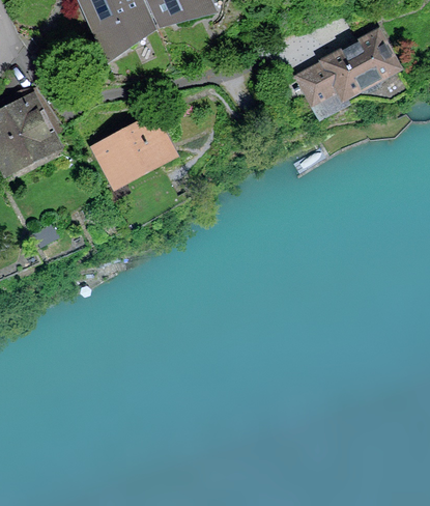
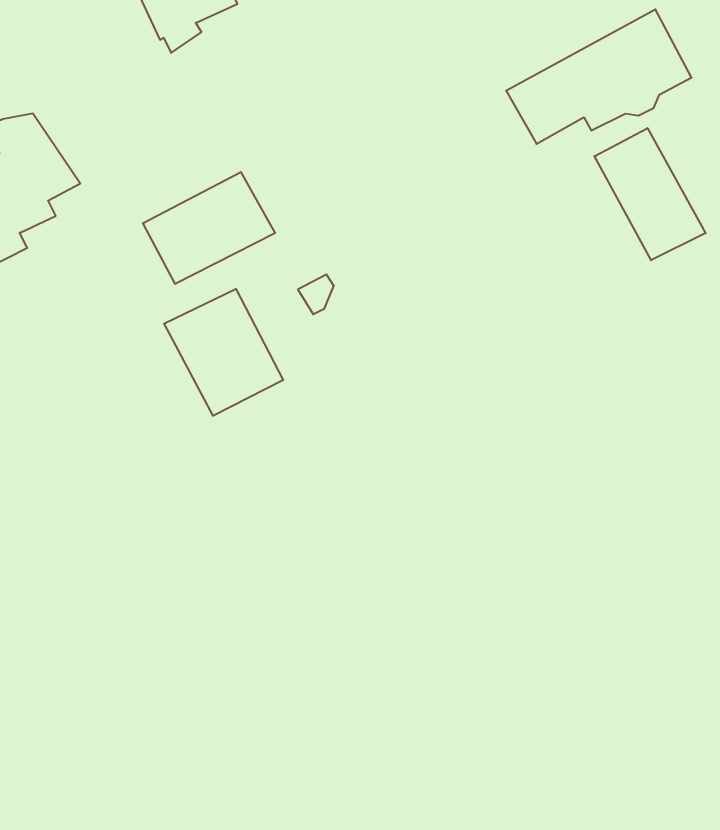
building: none -> [594,128,706,260]
building: none -> [164,289,283,416]

